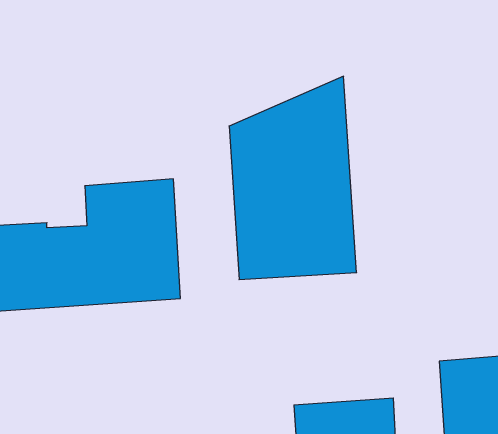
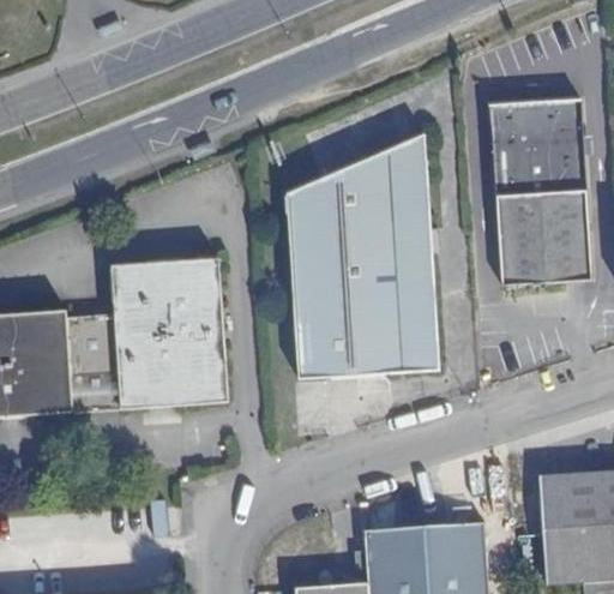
building: none -> [490,100,592,286]

